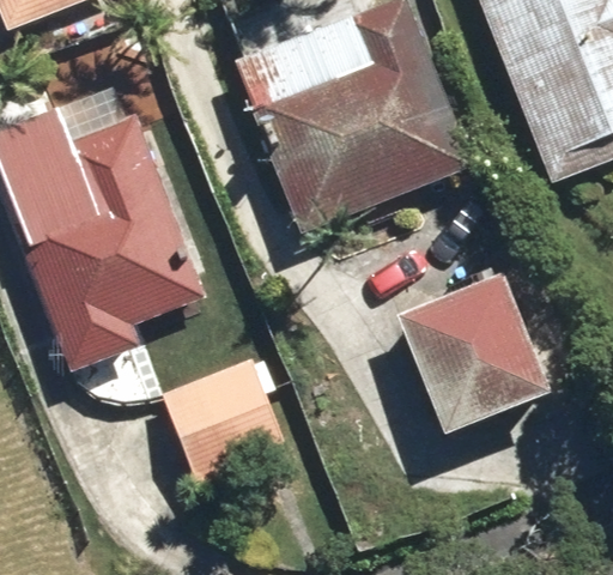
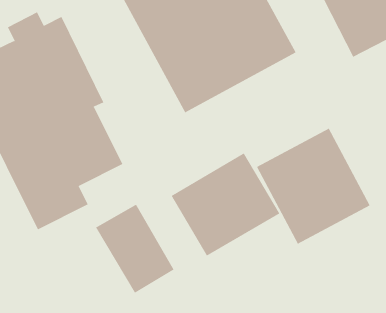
building: none -> [171,153,280,257]

